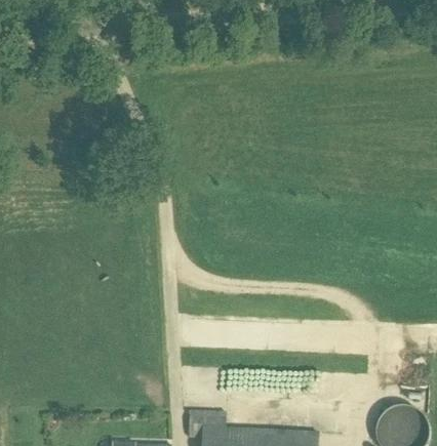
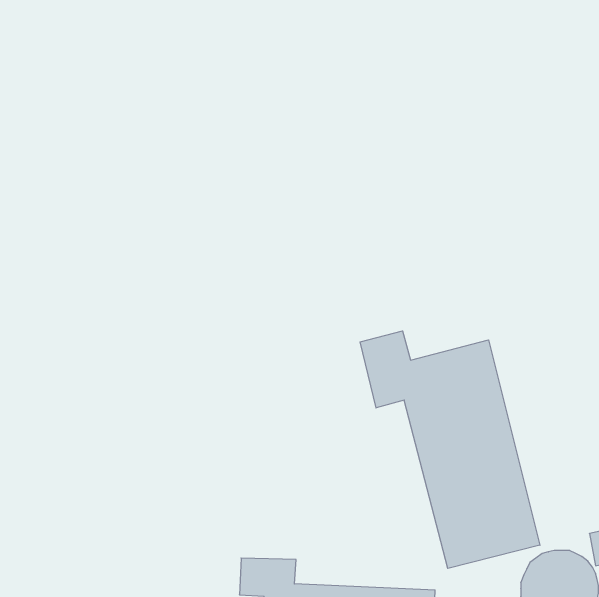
building: none -> [360,331,540,568]

